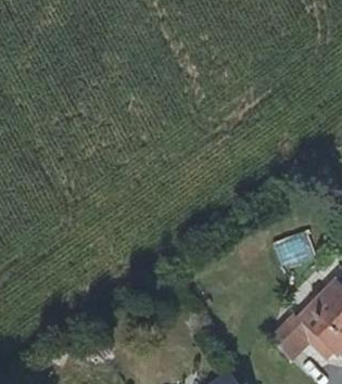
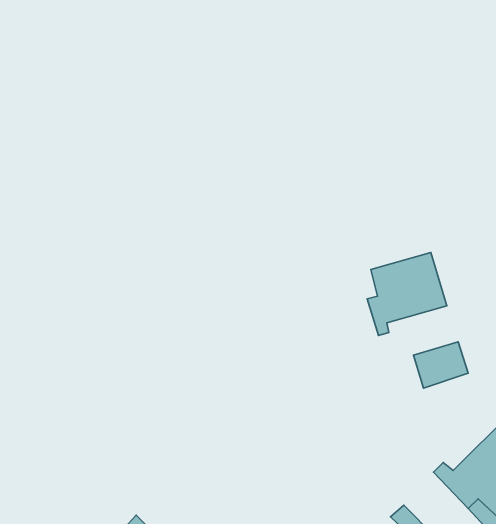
building: none -> [367,252,447,335]

